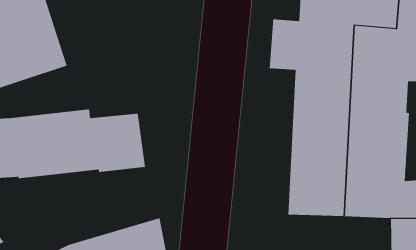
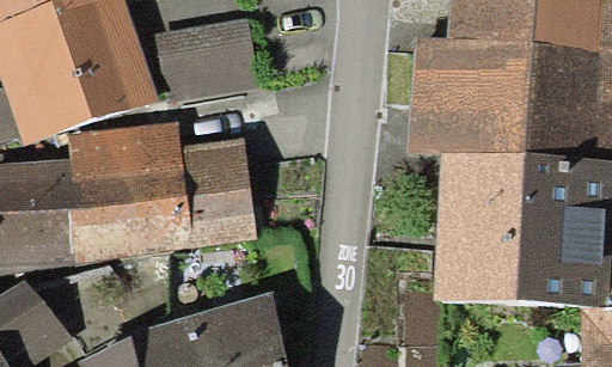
building: none -> [154,23,252,97]

